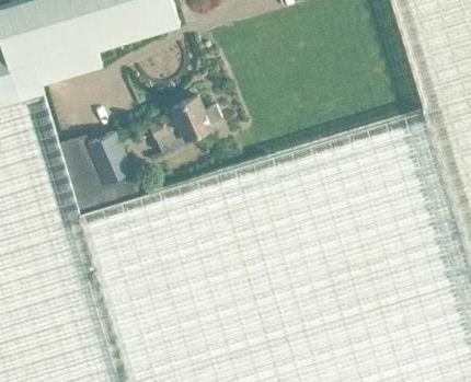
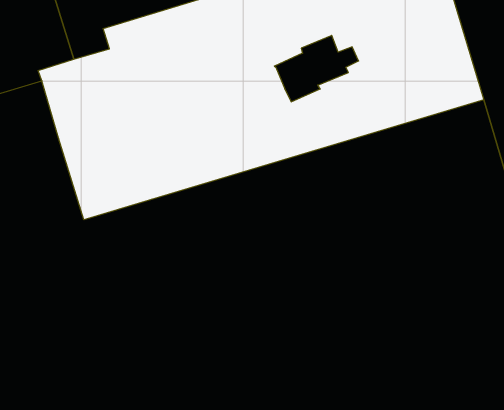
building: [150,96,222,153] -> [274,35,359,102]
building: [60,131,140,213] -> none

